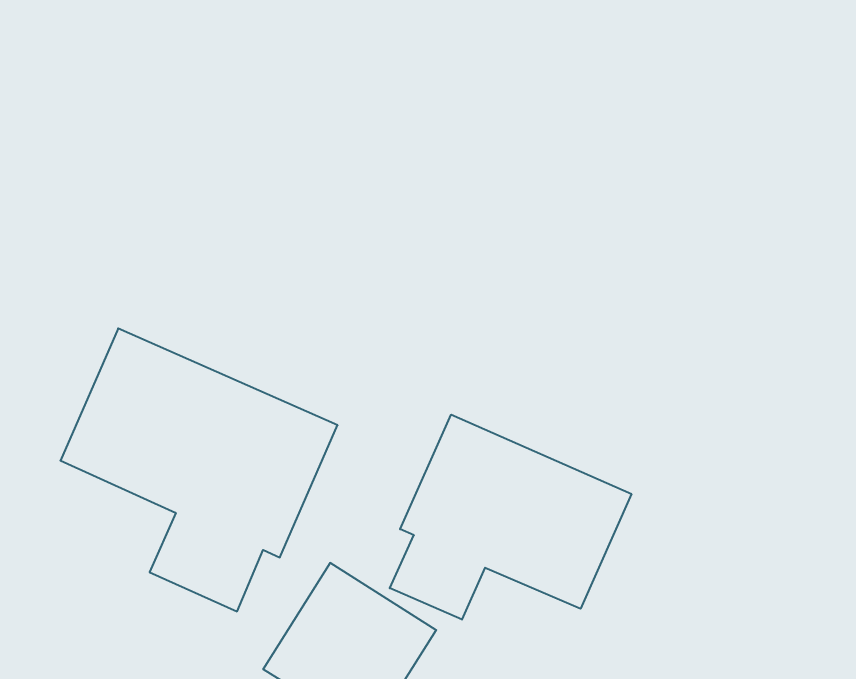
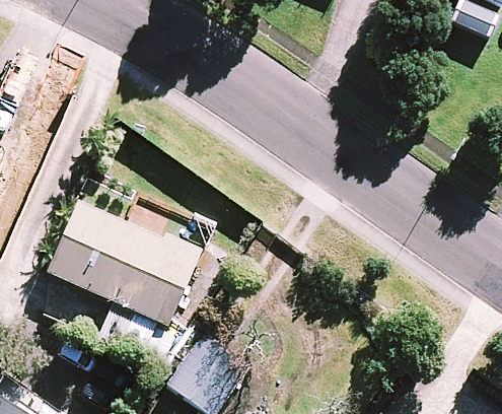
building: [390,415,631,620] -> none

